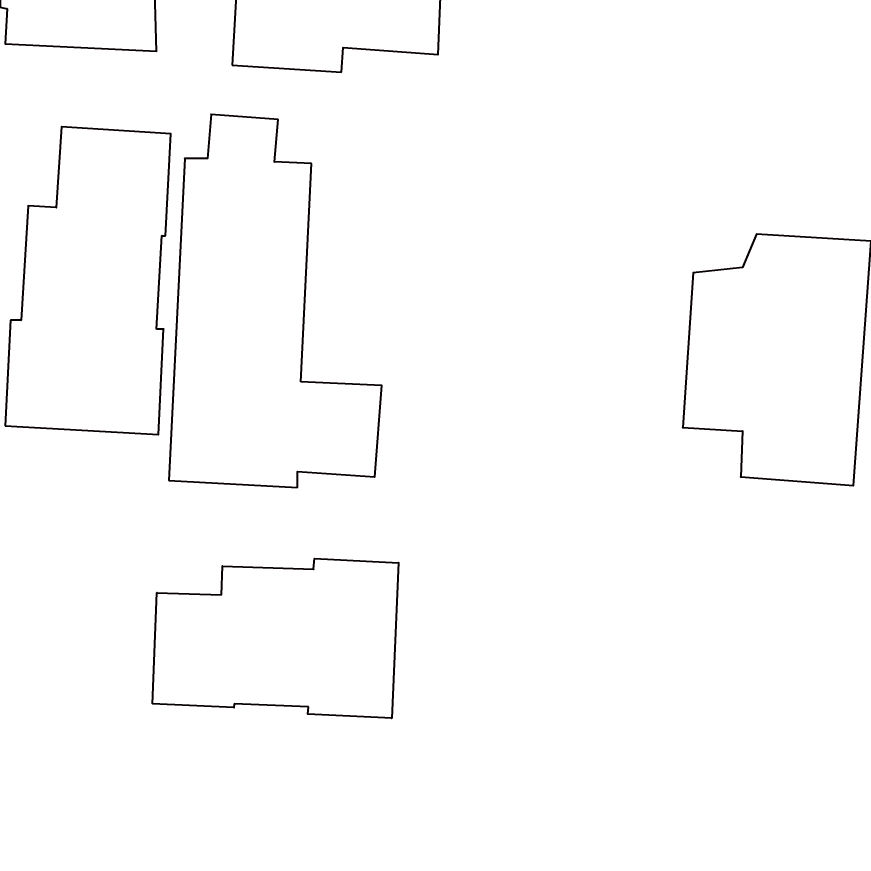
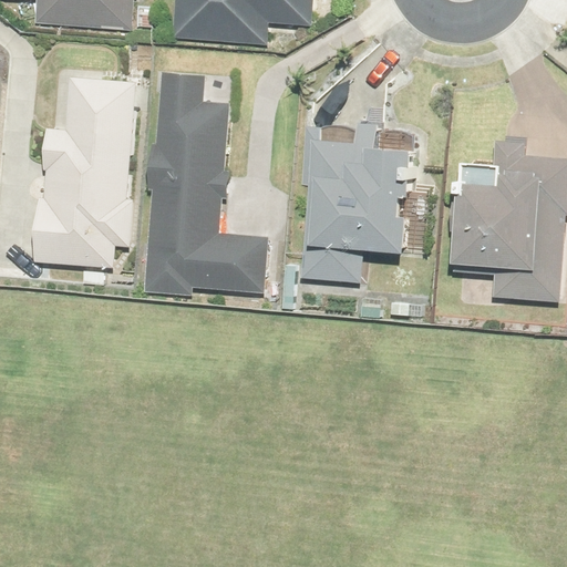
building: none -> [296,130,408,285]
building: [153,559,399,718] -> none

